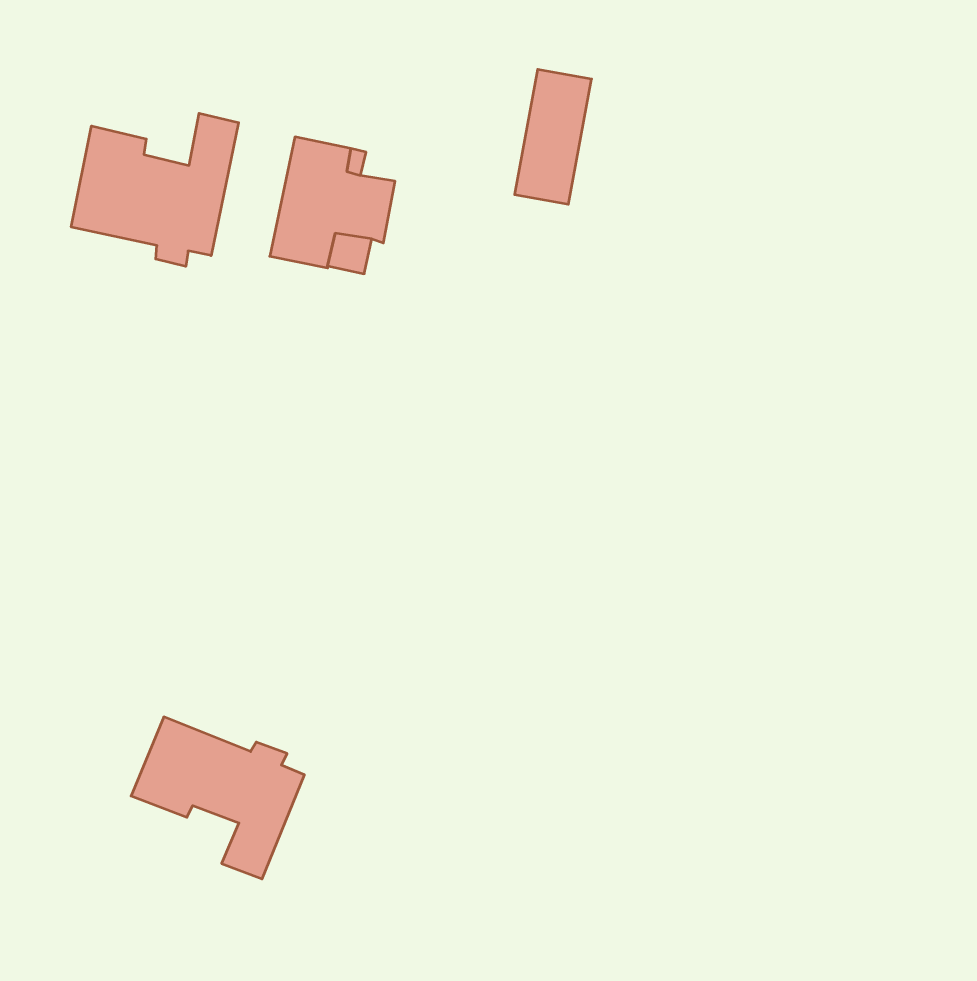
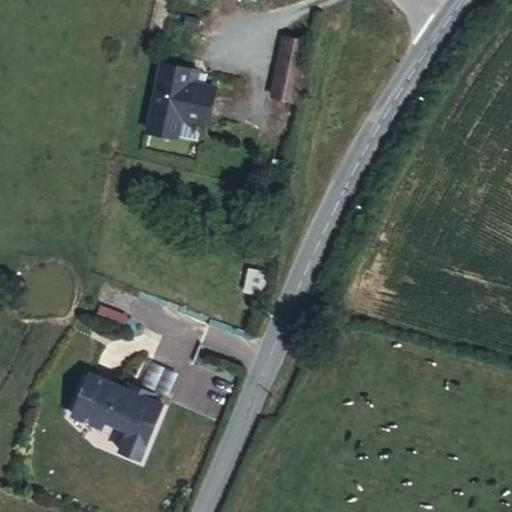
building: [71,113,239,266] -> none

